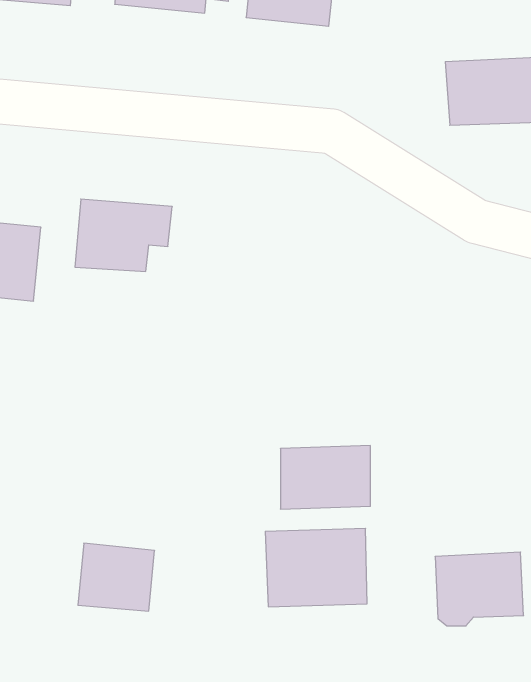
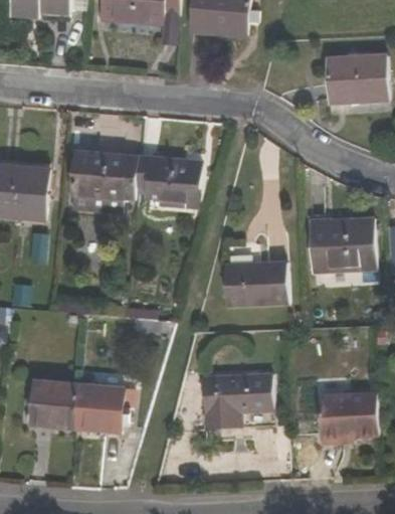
building: none -> [136,156,193,205]
building: none -> [309,224,375,279]
building: [280,446,370,509] -> [223,264,284,307]
building: none -> [34,382,78,427]

